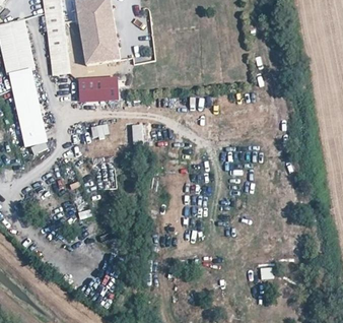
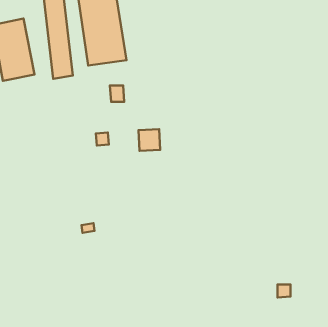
building: [9,71,46,147] -> none
building: [76,81,105,100] -> none

